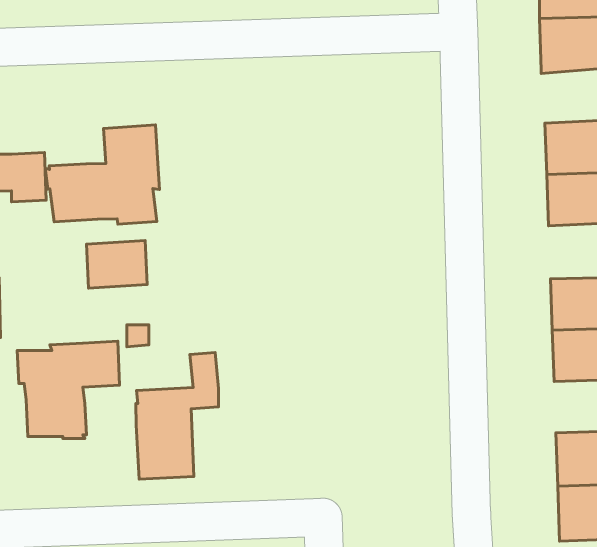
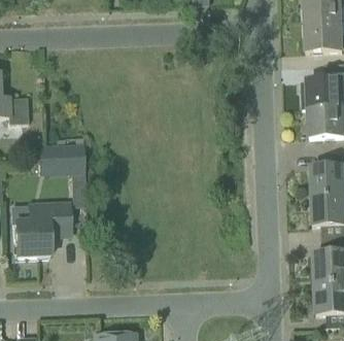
building: [45,125,159,224] -> none
building: [136,353,219,479] -> none

